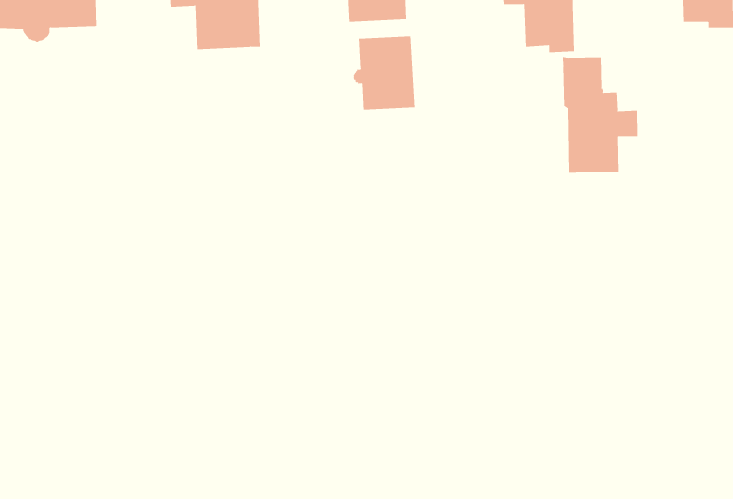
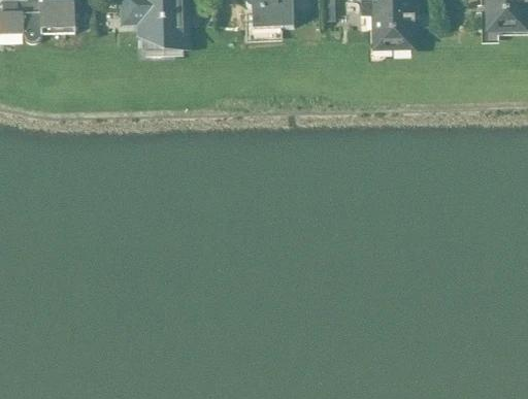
building: [353,35,415,110] -> none
building: [562,57,638,173] -> none

